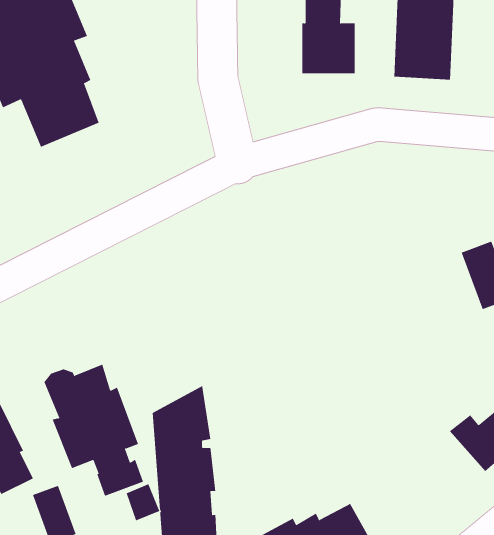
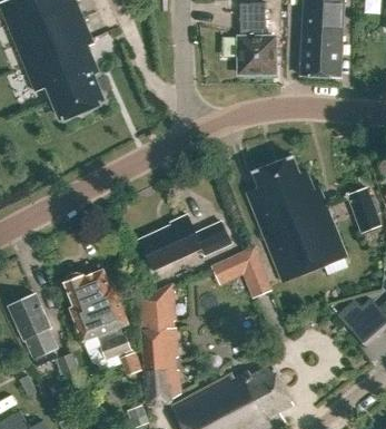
building: none -> [246,155,346,282]
building: none -> [139,214,231,270]
building: none -> [212,246,275,298]

